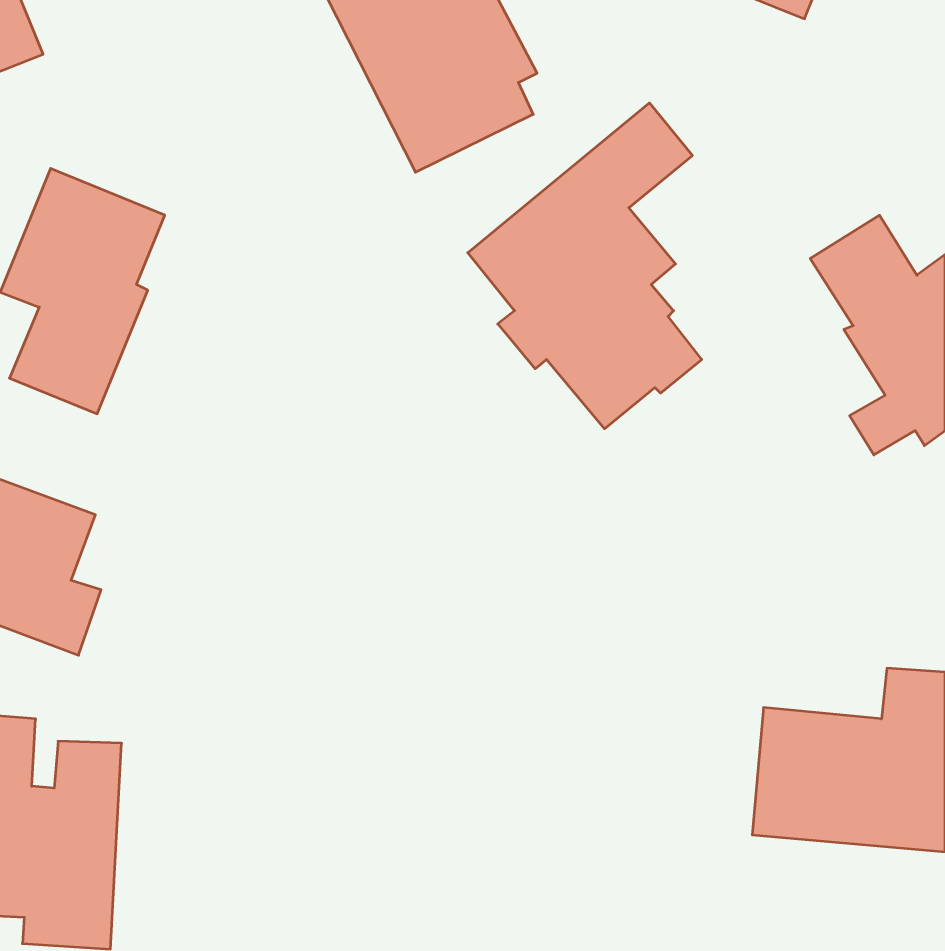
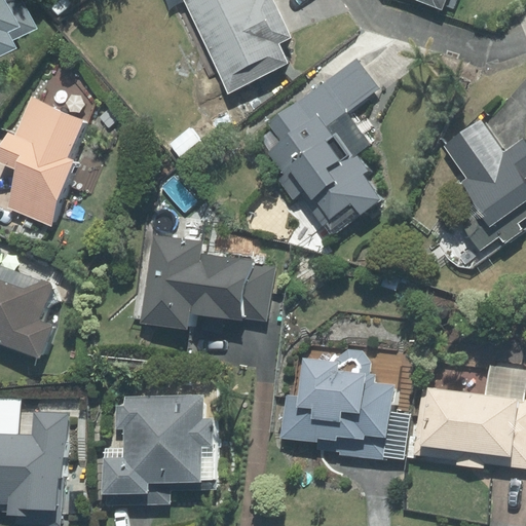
building: none -> [141,233,254,326]
building: none -> [280,348,397,461]
building: none -> [104,394,217,503]

